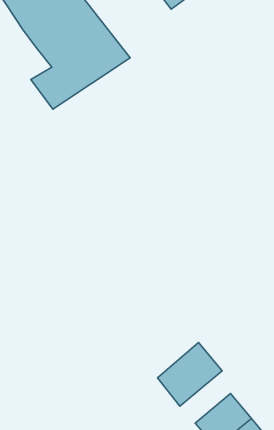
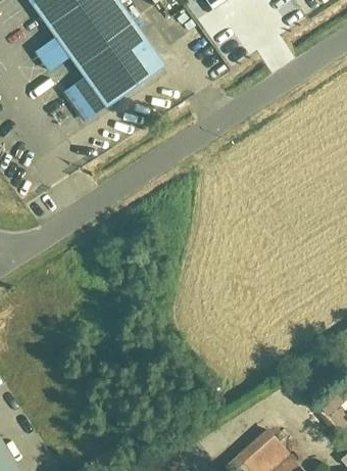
building: [157,342,222,406] -> none

